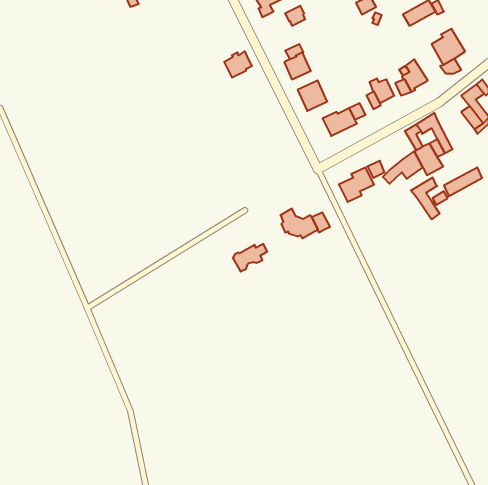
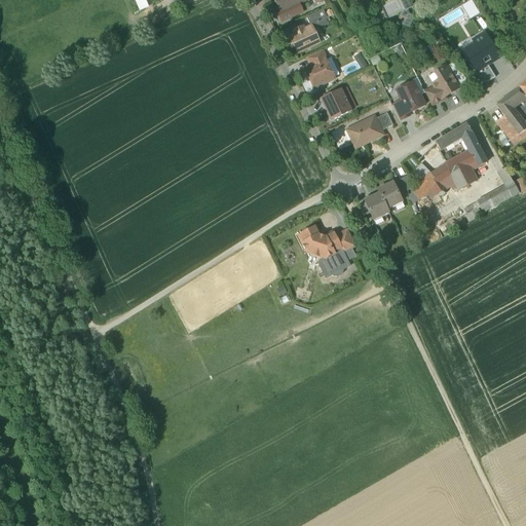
building: [224,52,252,77] -> [290,23,320,50]
building: [411,177,440,219] -> none
building: [233,244,267,272] -> [318,246,355,275]

